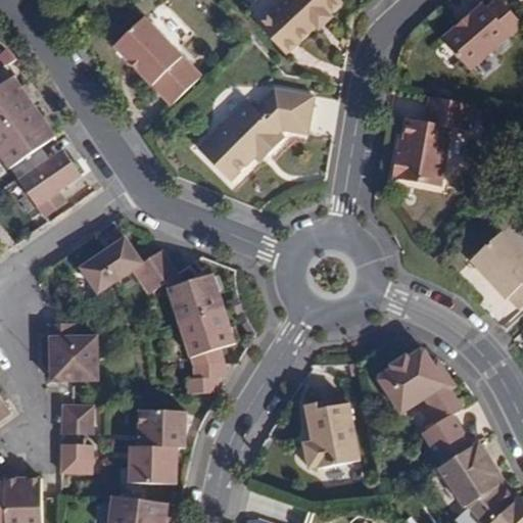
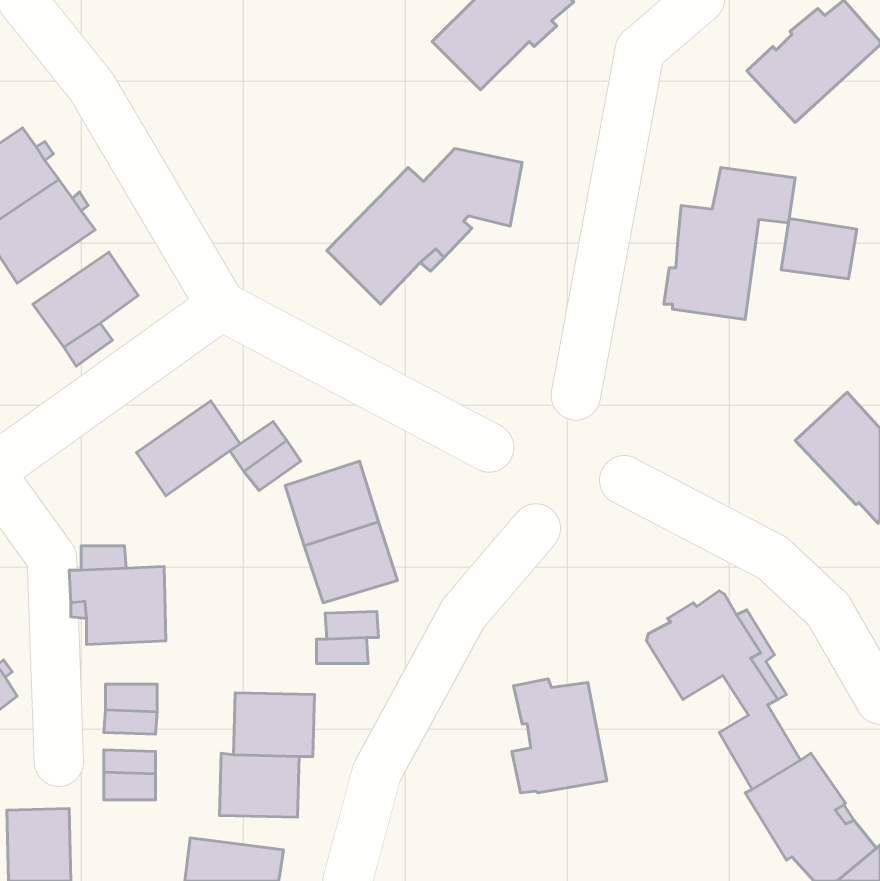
building: [113,17,198,103] -> none
building: none -> [781,219,857,279]

